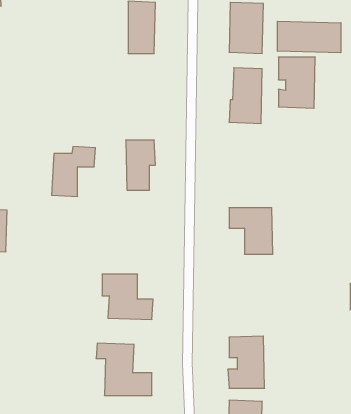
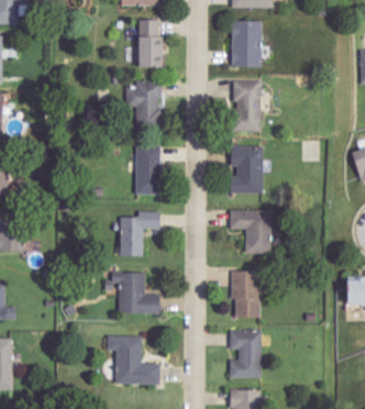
building: [277,21,341,53] -> none
building: [278,57,315,108] -> [230,145,264,192]
building: none -> [126,80,162,124]
building: [52,147,95,196] -> [118,210,158,256]
building: none -> [232,270,261,318]

